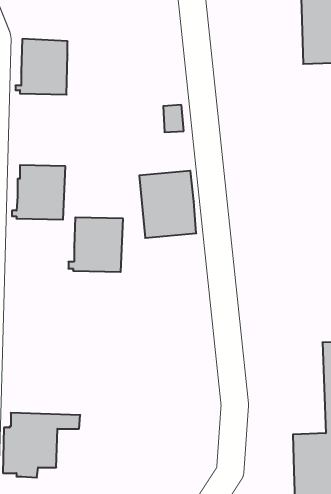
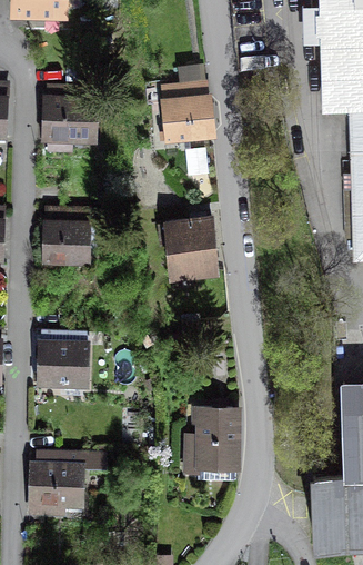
building: none -> [145,81,214,143]
building: [68,217,123,272] -> [34,331,88,385]
building: none -> [183,408,242,483]

